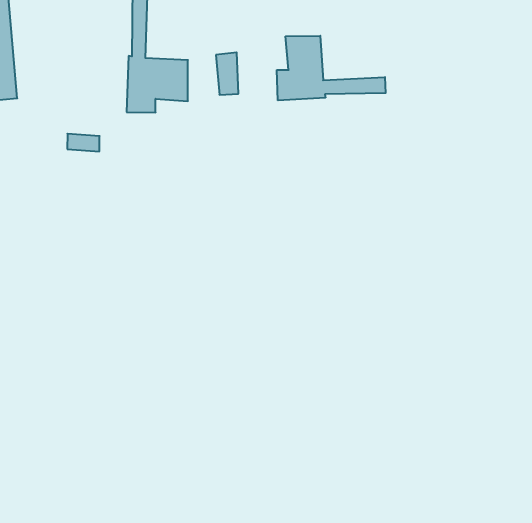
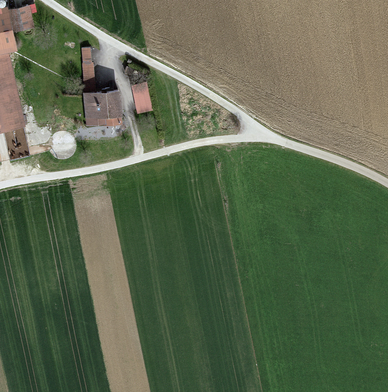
building: [277,36,386,100] -> none

